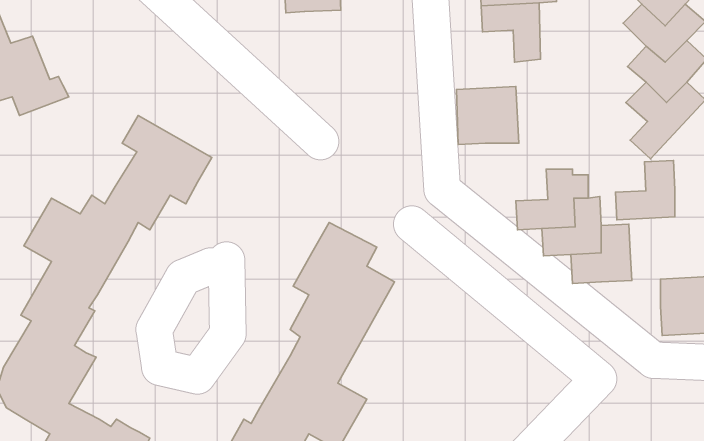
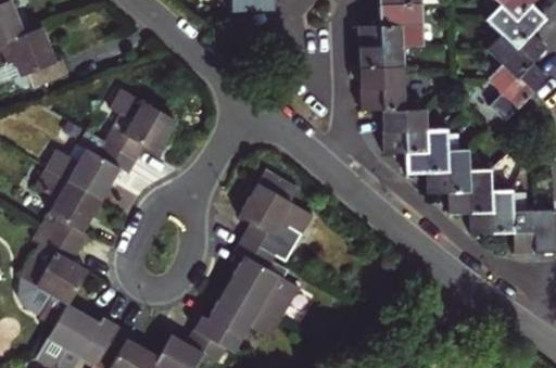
building: none -> [358,24,405,68]
building: none -> [382,109,429,153]
building: [615,160,675,220] -> [469,189,514,233]

